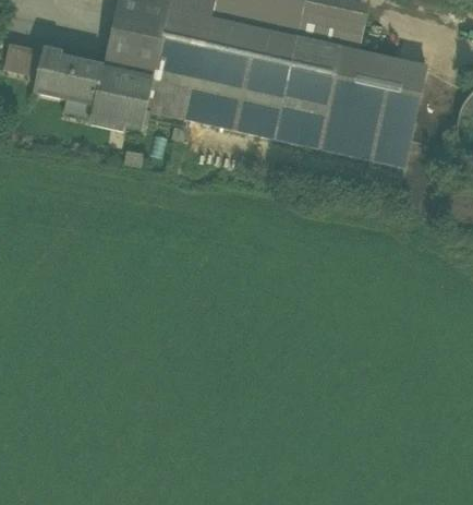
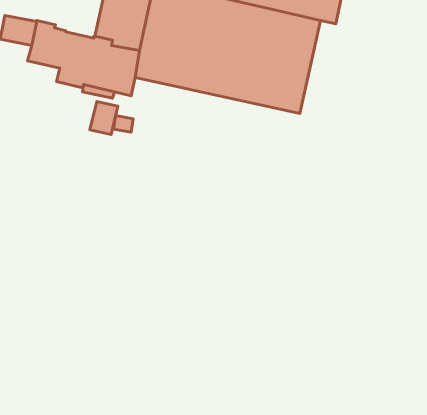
building: [319,48,426,166] -> none
building: none -> [90,101,118,134]

